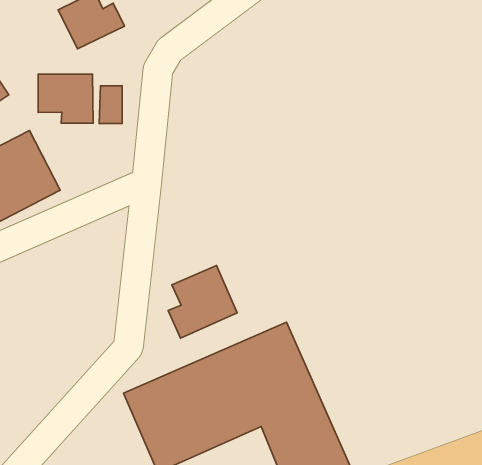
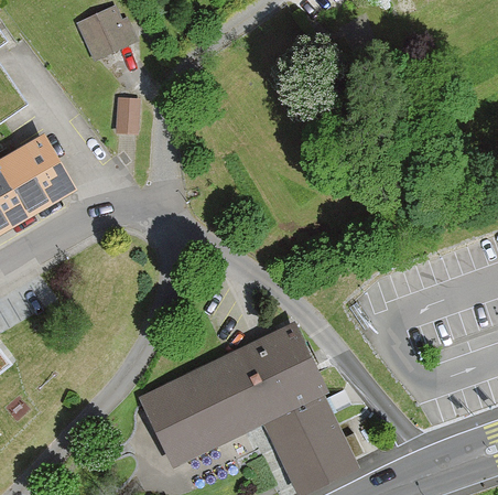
building: [38,74,93,123] -> none
building: [168,266,237,338] -> none

